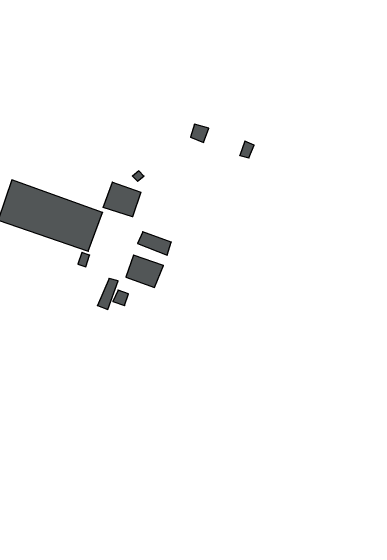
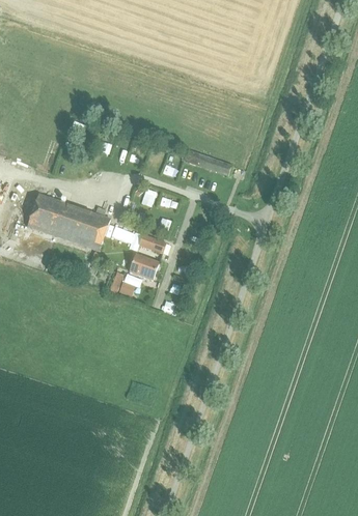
building: [103,182,141,217] -> none

